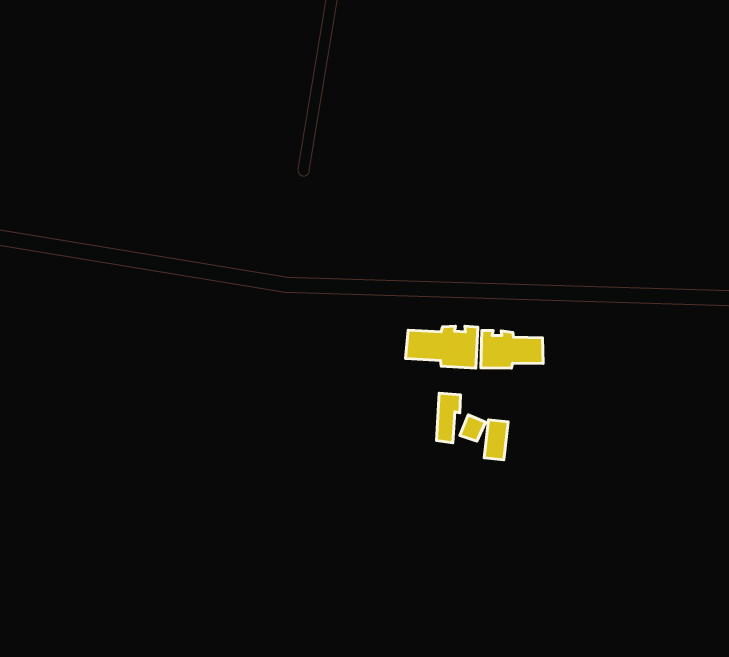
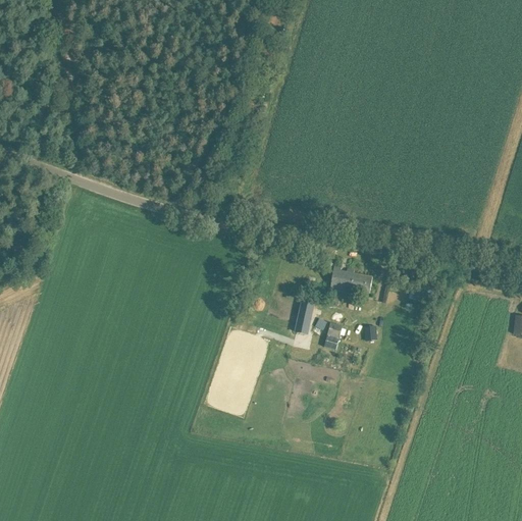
building: [406,326,478,368] -> none

